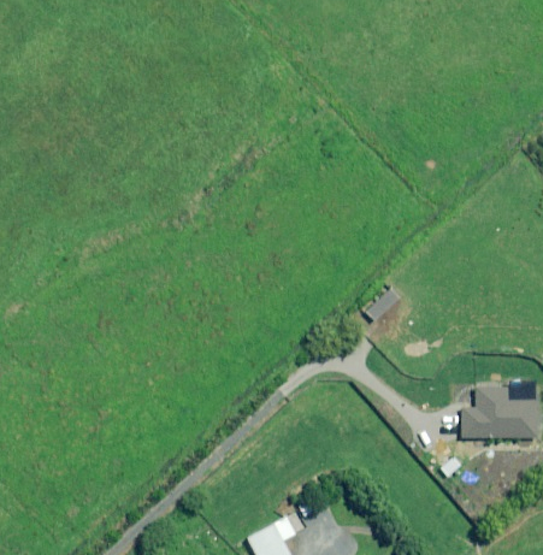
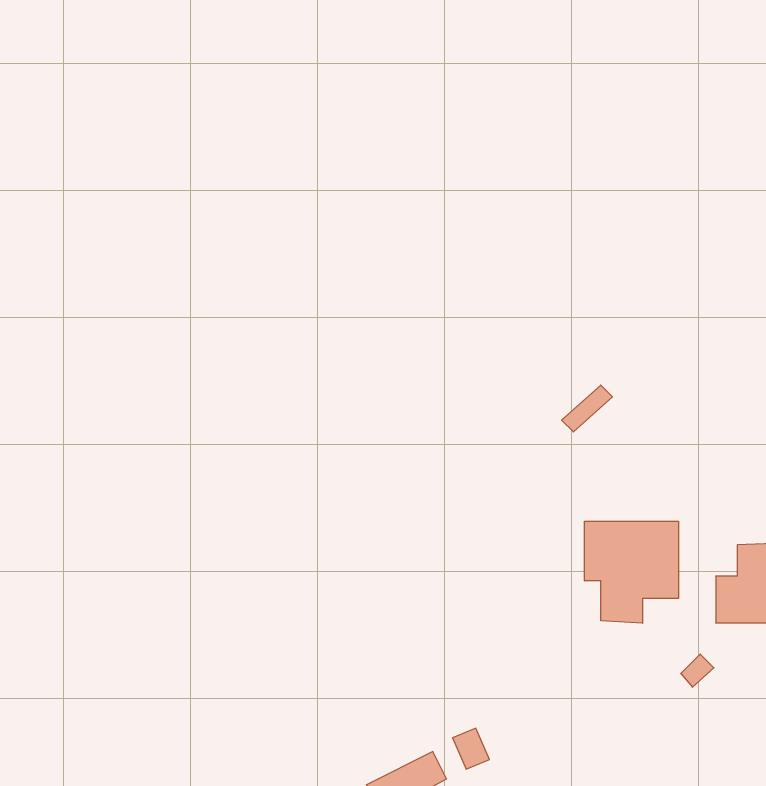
building: none -> [585,521,678,623]

